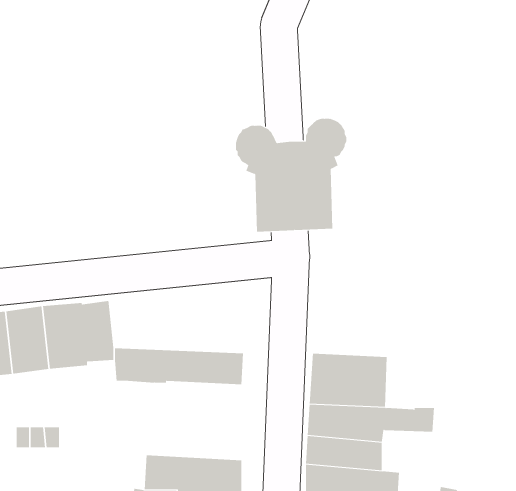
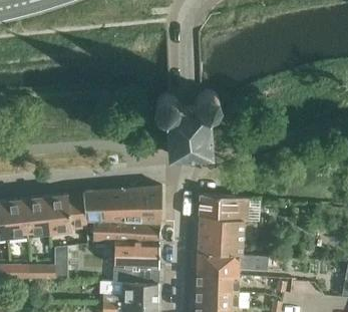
building: none -> [83,186,162,224]
building: none -> [200,194,248,226]
building: none -> [104,240,159,285]

